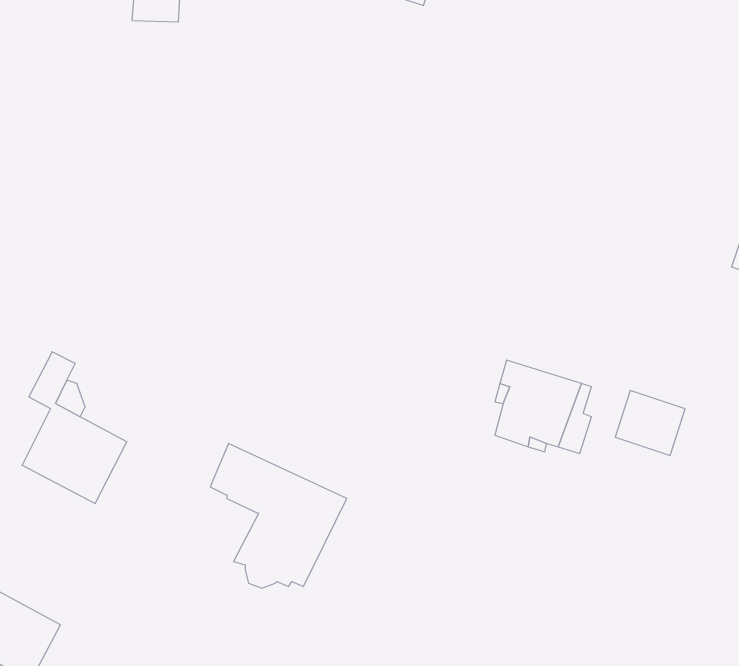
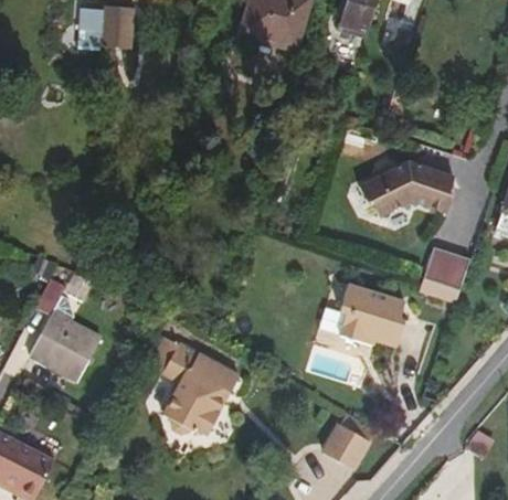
building: none -> [361,159,455,215]
building: [615,391,685,456] -> [425,246,472,289]
building: none -> [324,426,368,470]

